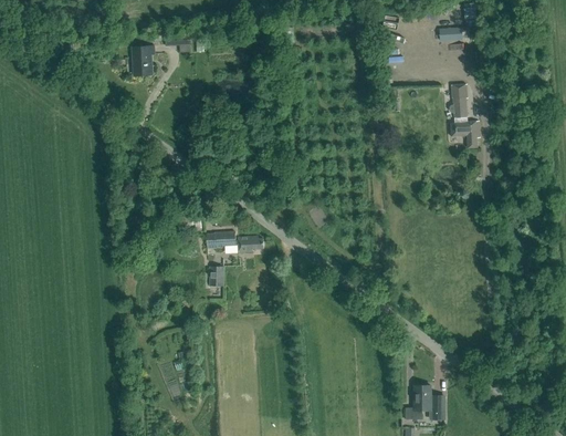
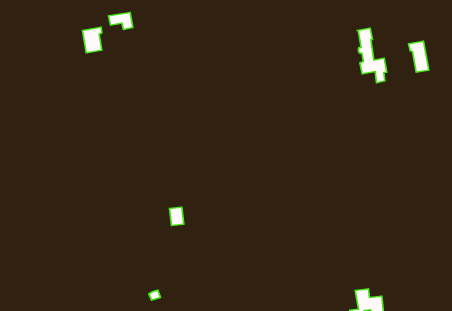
building: none -> [409,41,429,72]
building: [214,231,262,253] -> none

